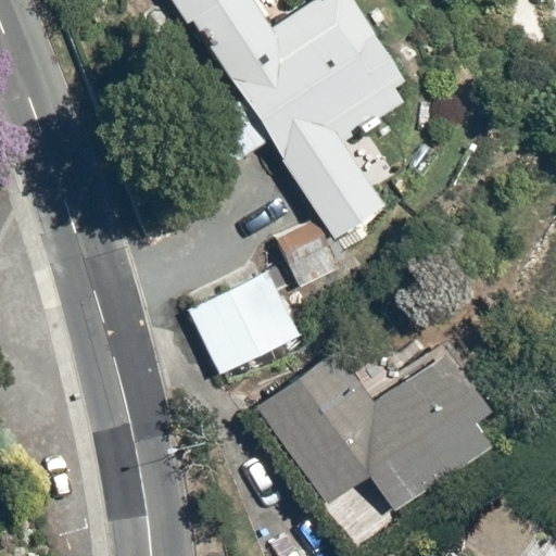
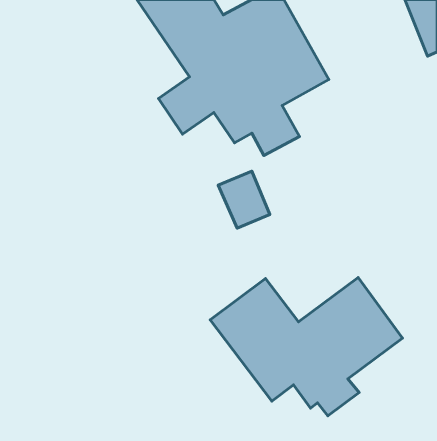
building: [182,269,298,376] -> none

